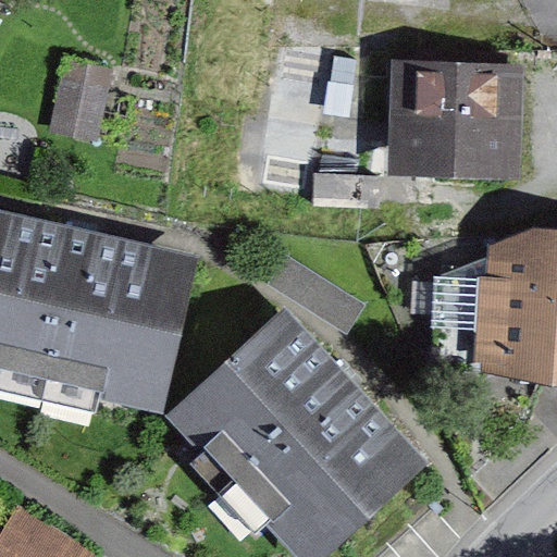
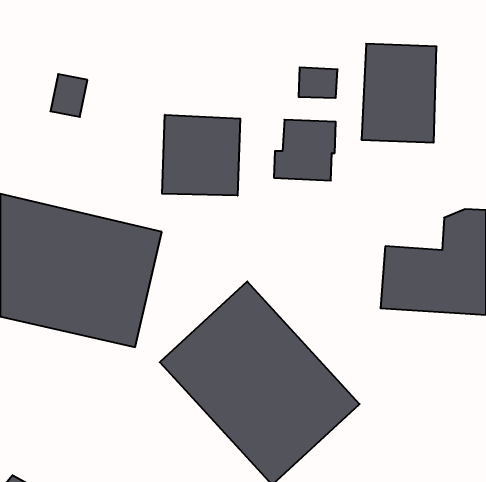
building: none -> [162,115,240,196]

